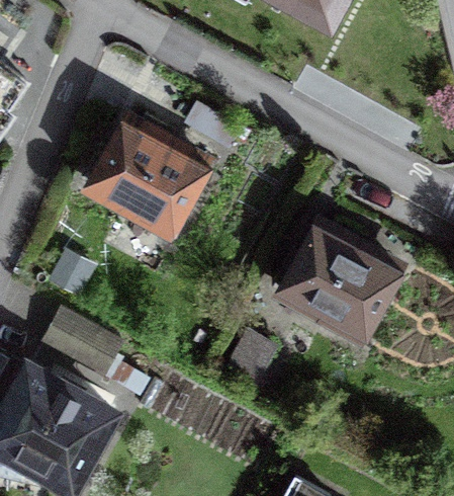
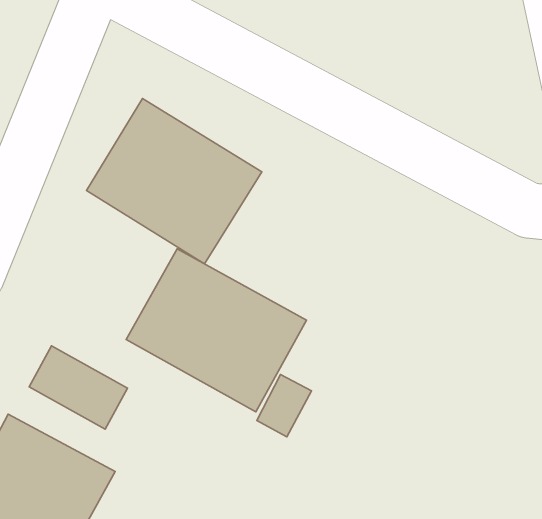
building: [264,206,415,345] -> none
building: none -> [126,249,306,412]

